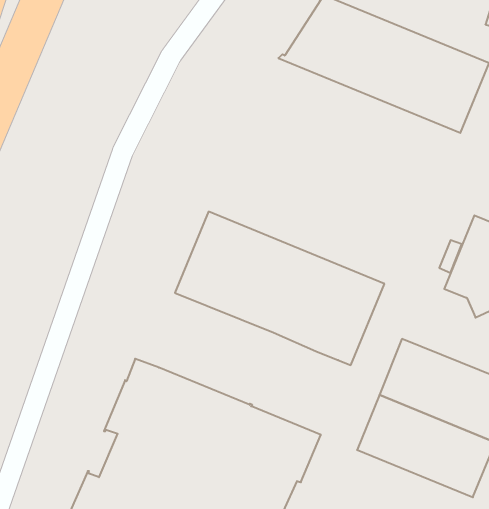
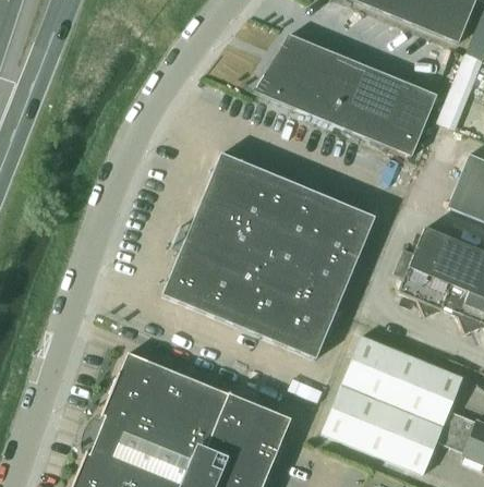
building: none -> [192,154,375,288]

